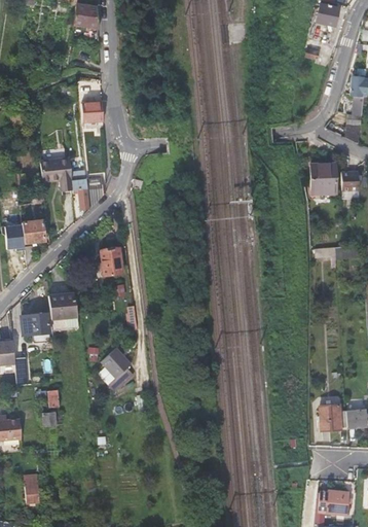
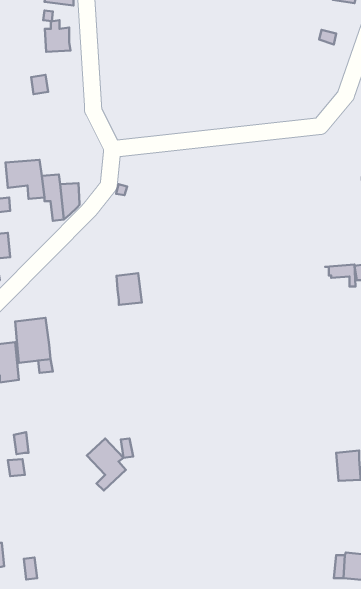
building: [81,96,103,122] -> [45,20,70,52]
building: [311,165,336,195] -> none
building: [101,248,122,275] -> [116,273,142,305]
building: [100,347,133,391] -> [87,438,126,491]

